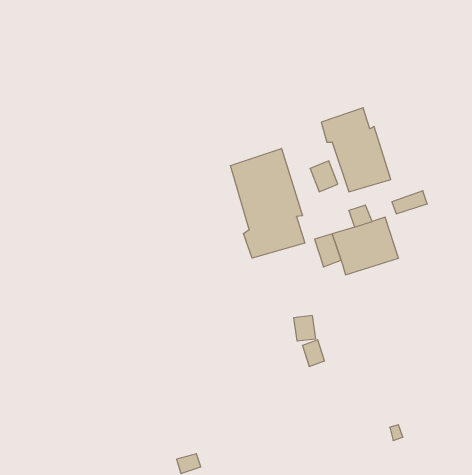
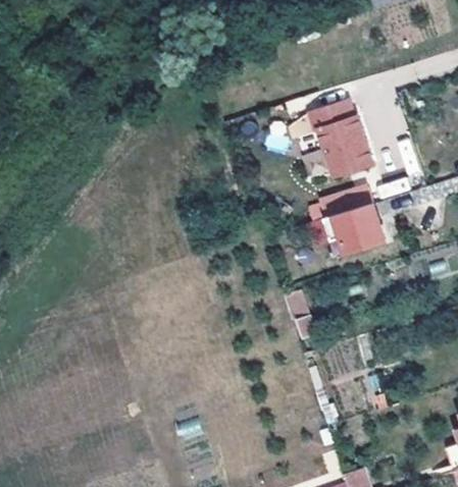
building: [231,148,305,258] -> none

